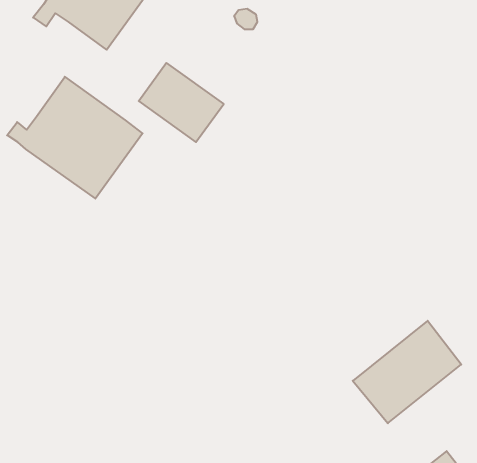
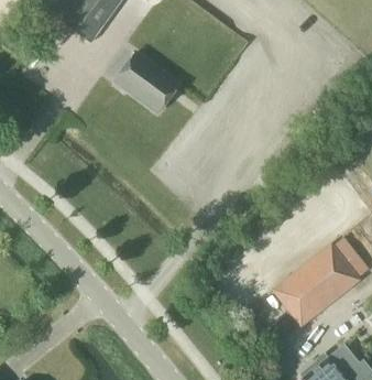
building: [7,77,143,199] -> none

